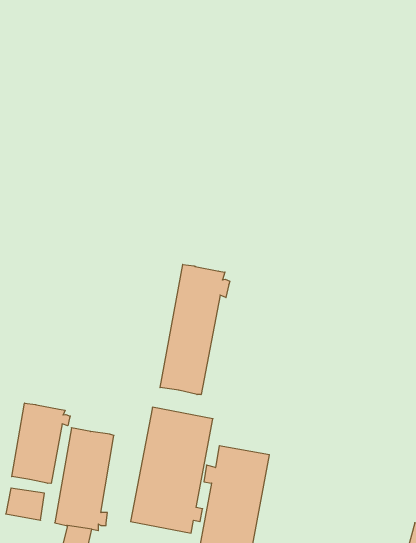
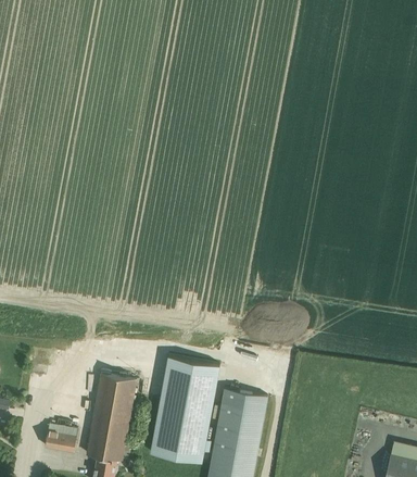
building: [160,264,230,395] -> none
building: [12,403,70,483] -> none

